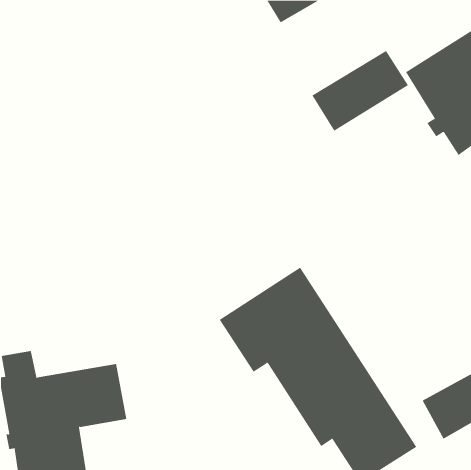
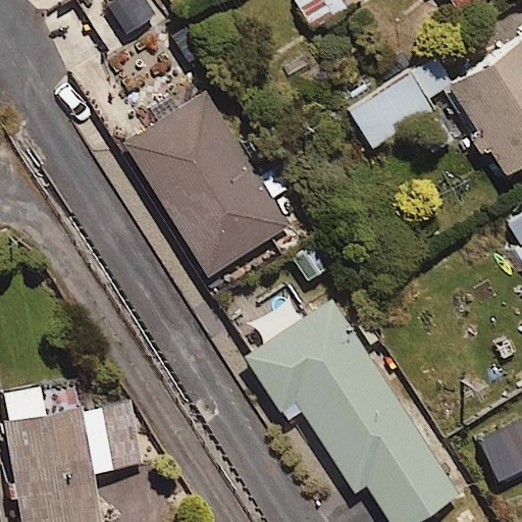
building: none -> [124,92,291,278]

